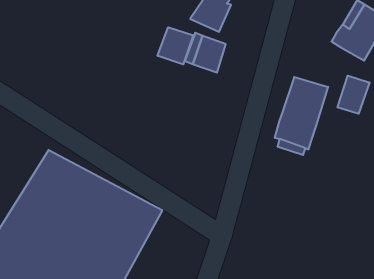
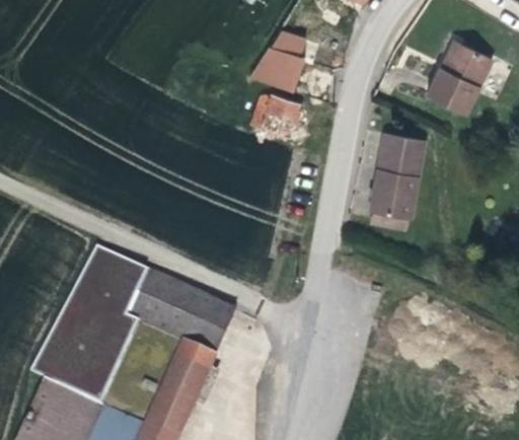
building: [158,27,193,64] -> none
building: [337,76,370,114] -> none

